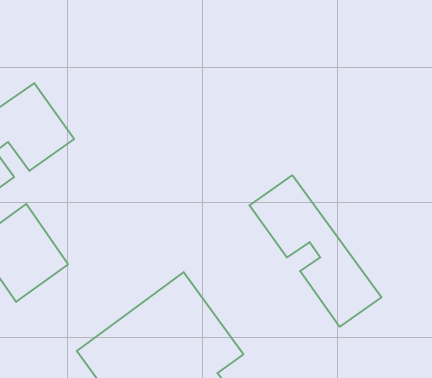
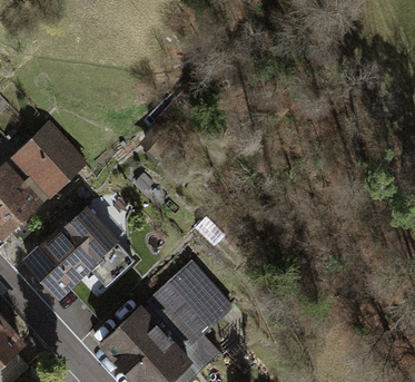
building: none -> [50,194,144,292]
building: [249,175,381,327] -> none

